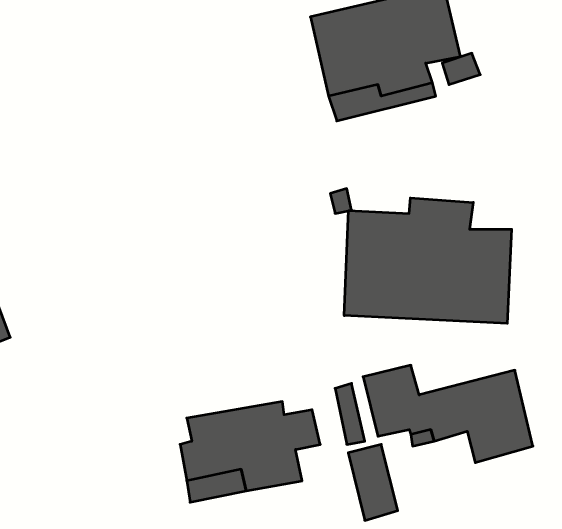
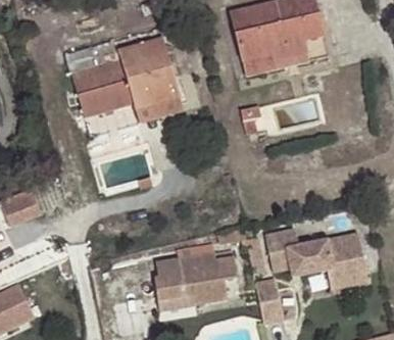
building: none -> [65,38,178,116]
building: [344,198,512,323] -> none

